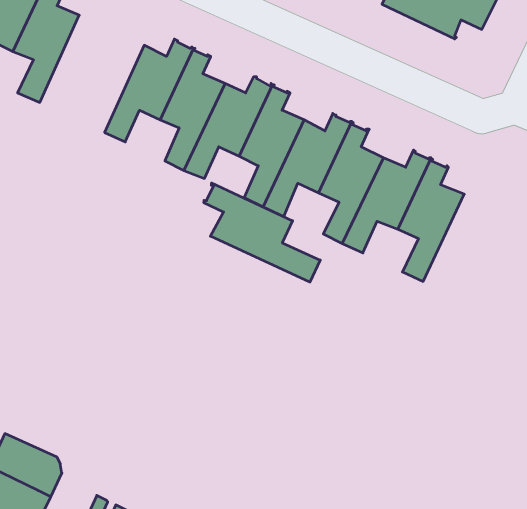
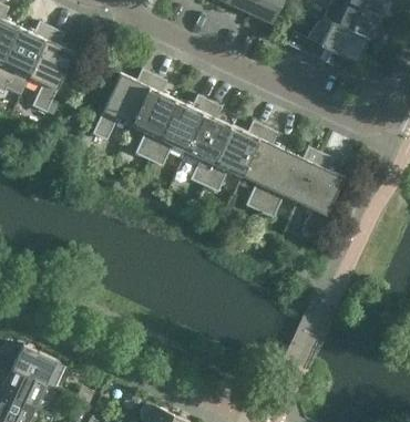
building: [204,183,320,282] -> none

